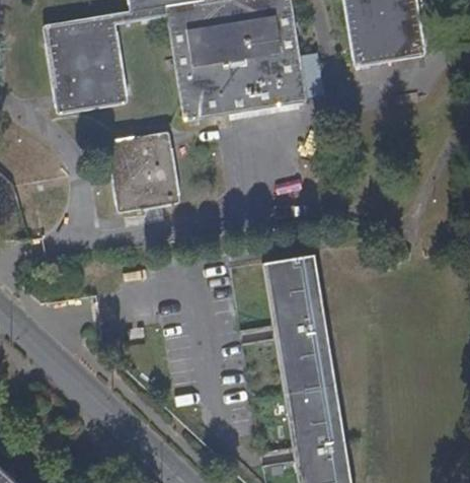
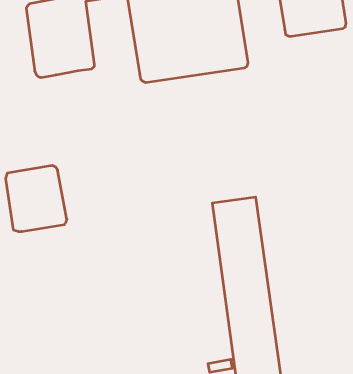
building: [107,132,180,210] -> [6,166,67,231]

